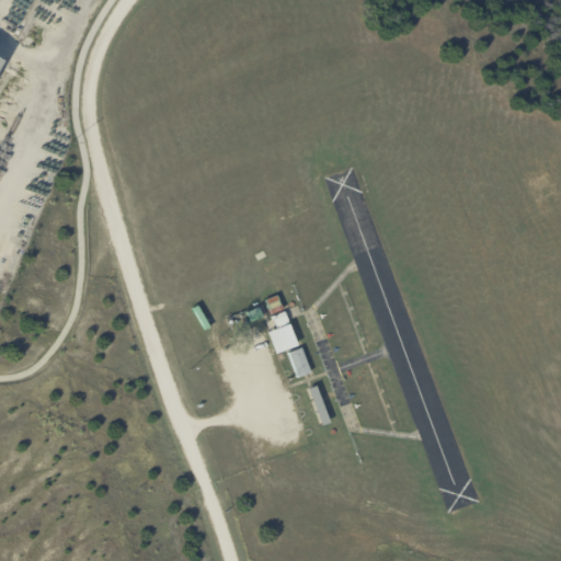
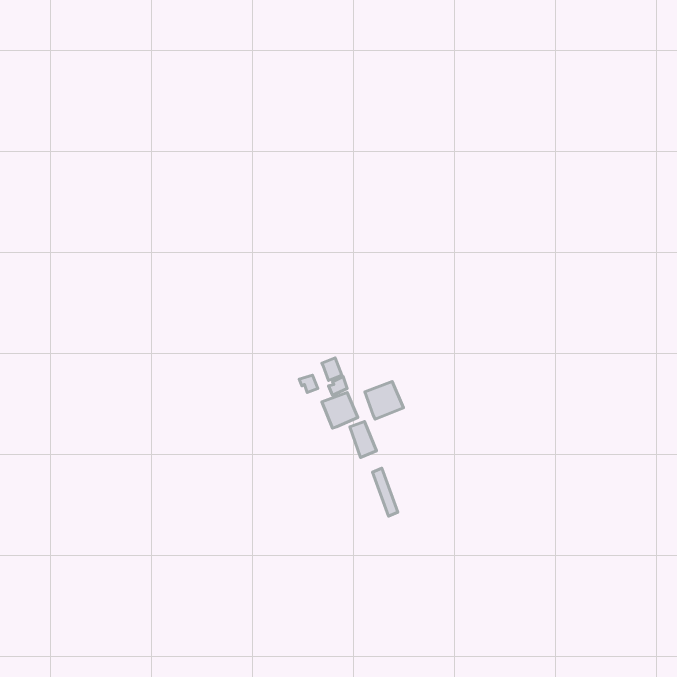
building: none -> [365,382,403,419]

